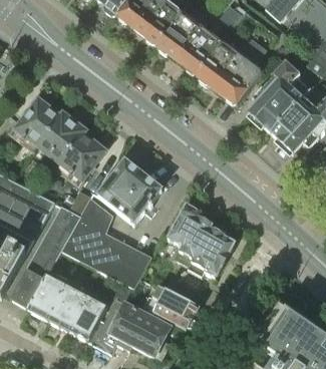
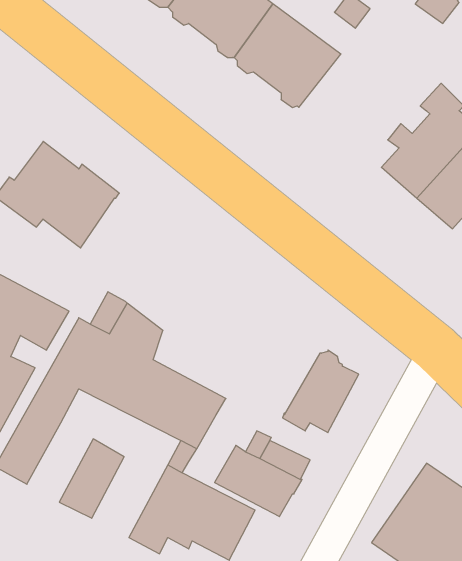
building: [198,38,267,106] -> none
building: [57,132,106,187] -> none
building: [97,159,162,225] -> none
building: [168,205,212,267] -> none
building: [29,272,70,321] -> none
building: [69,293,109,341] -> none

